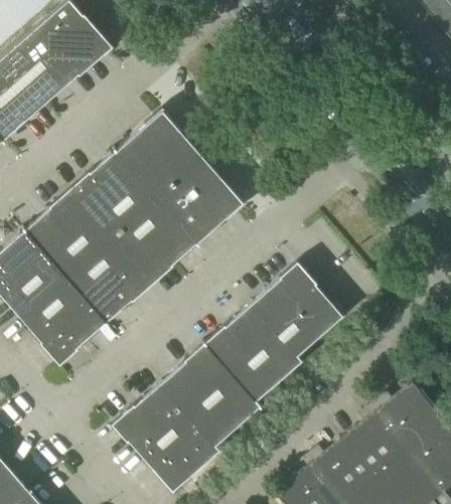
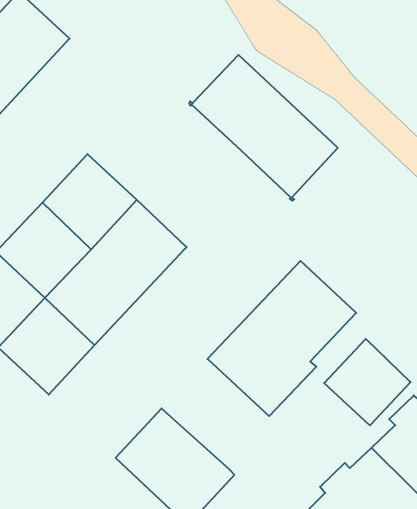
building: [113,111,242,245] -> [189,55,338,201]
building: none -> [324,339,411,425]
building: [159,344,261,445] -> none

